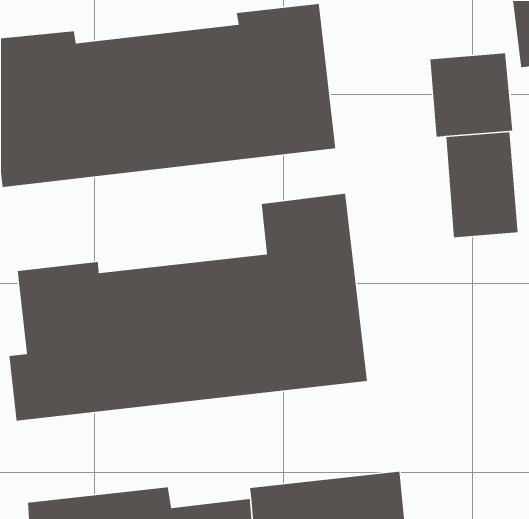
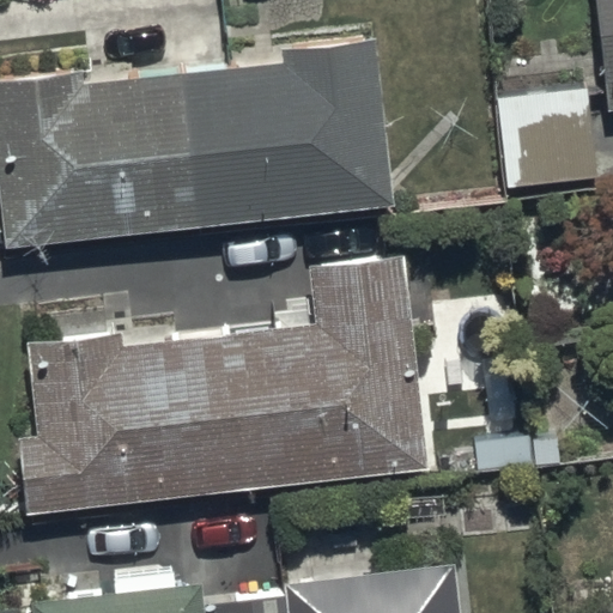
building: [446,131,518,238] -> none

